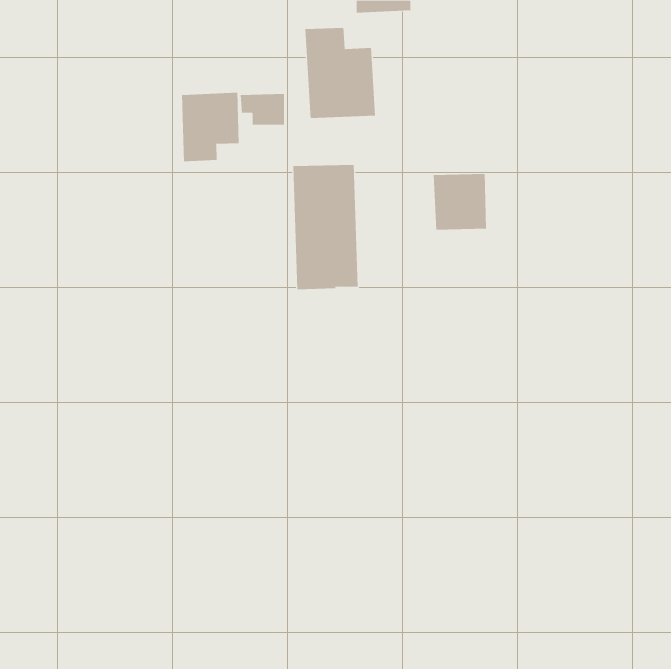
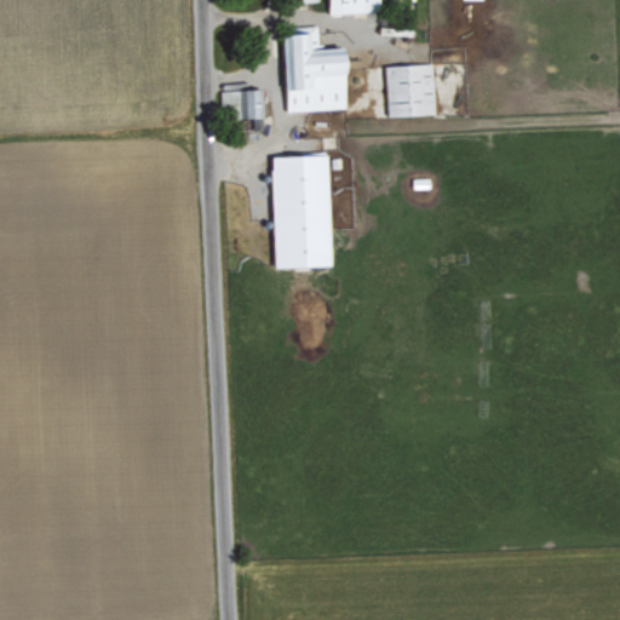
building: [182,92,239,162] -> none
building: [433,174,487,230] -> [386,65,436,117]

